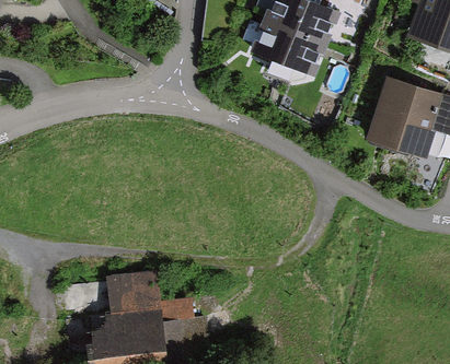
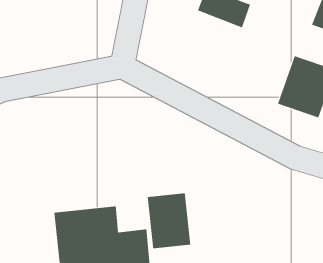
building: [251,19,321,71] -> none
building: none -> [147,193,191,249]

